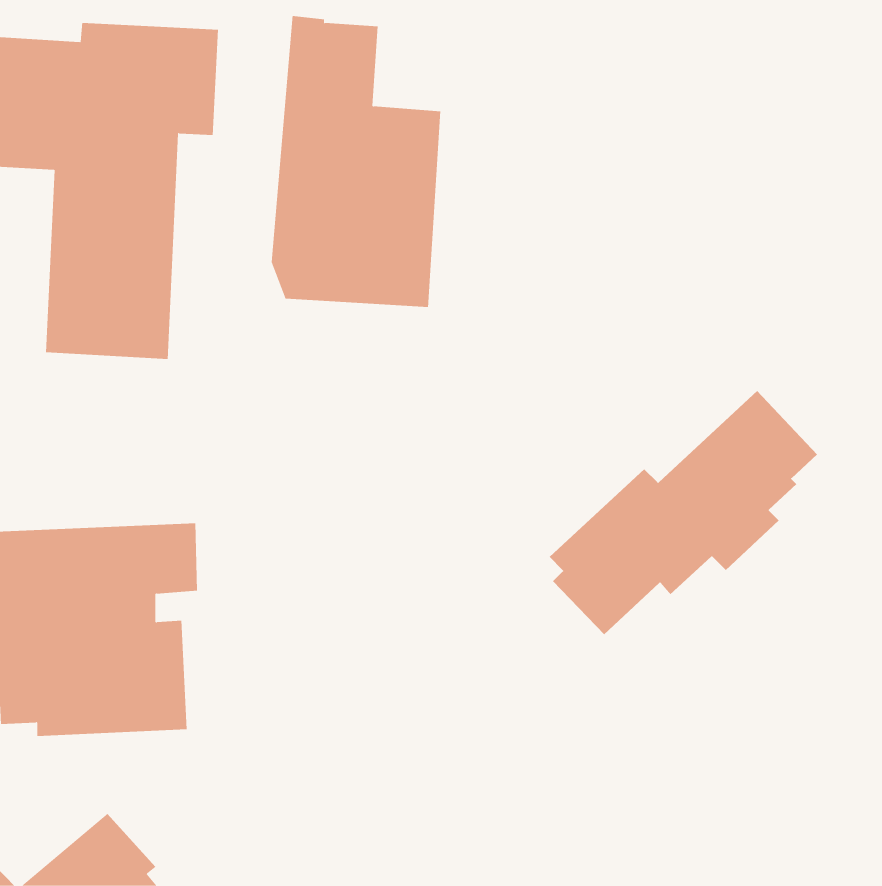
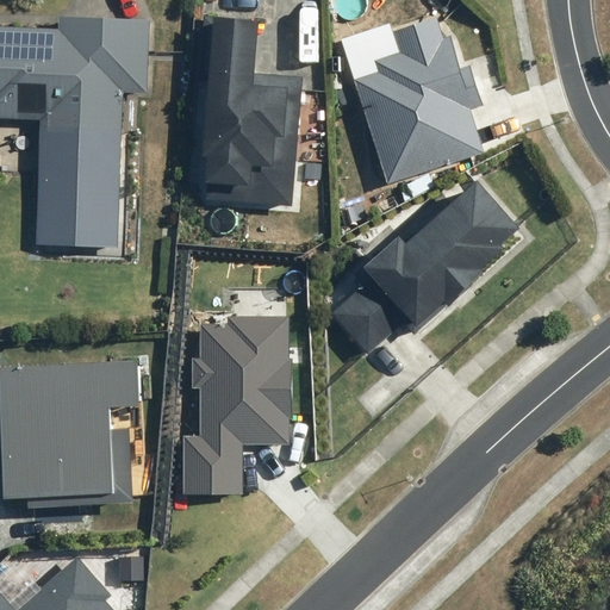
building: none -> [351,20,481,182]
building: [549,390,818,635] -> [331,183,516,351]
building: none -> [183,317,294,493]

